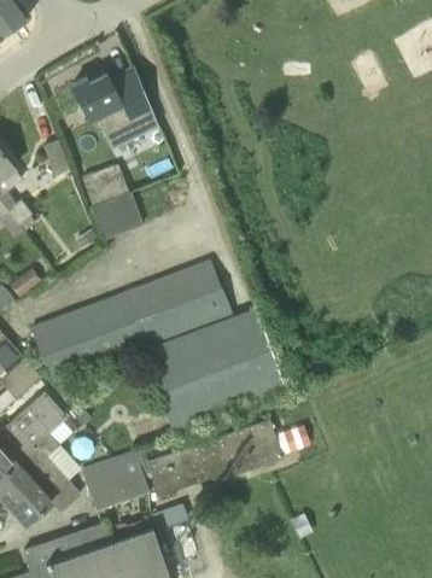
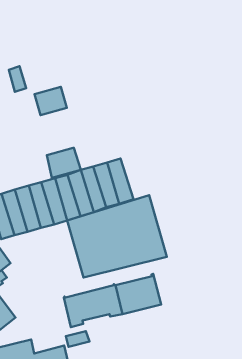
building: [71,65,156,147] -> none
building: [93,193,142,238] -> [47,148,81,178]
building: [80,450,147,508] -> none

